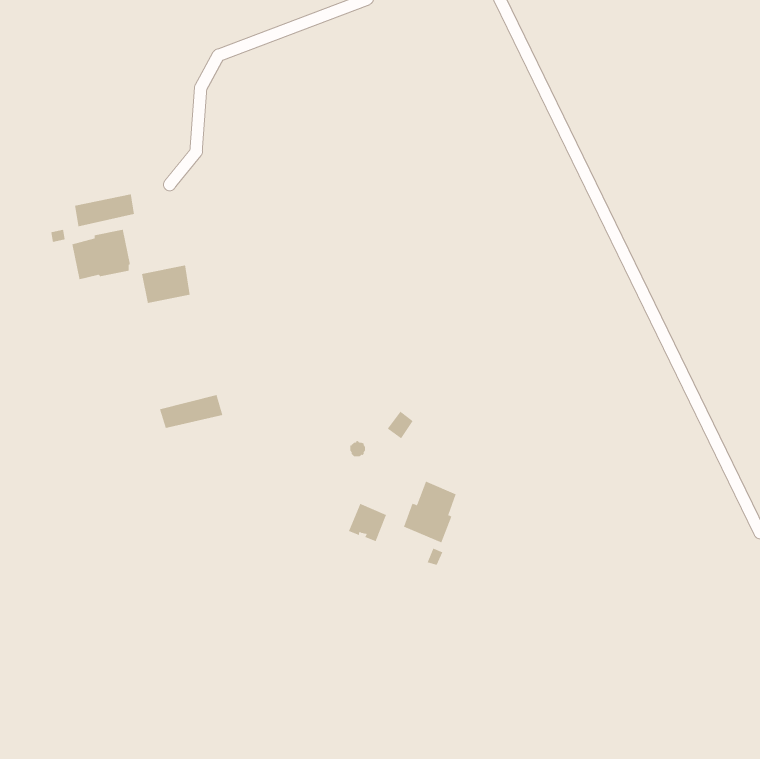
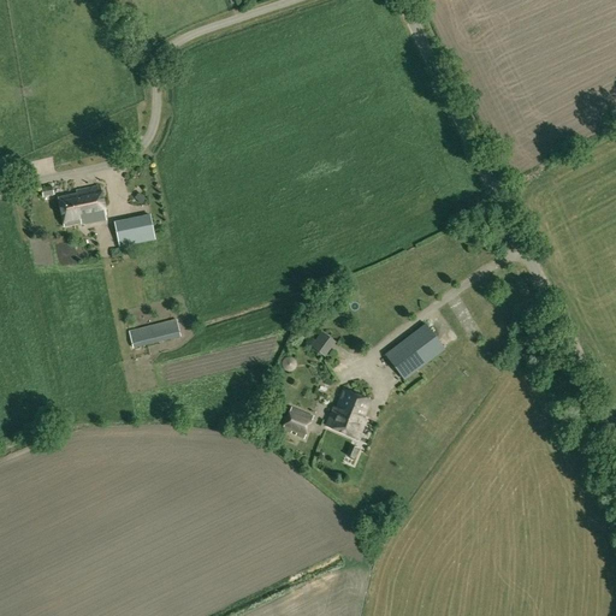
building: [74,194,134,227] -> none
building: none -> [385,324,444,379]

